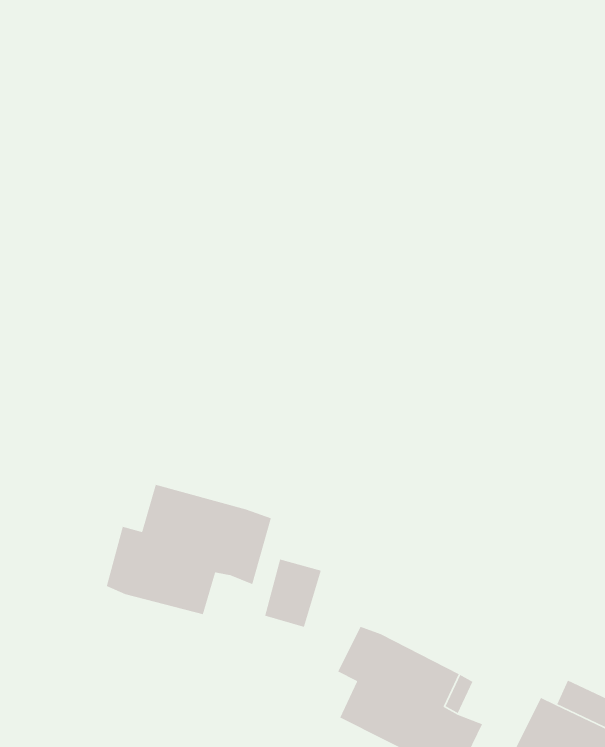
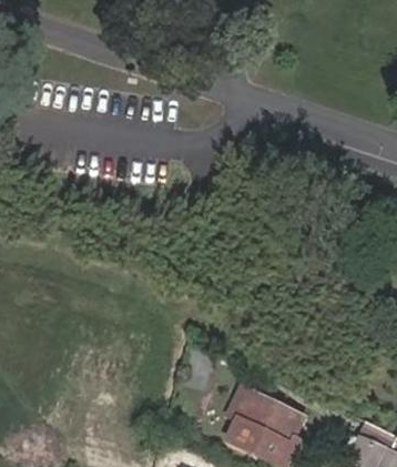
building: [106,484,272,615] -> none

